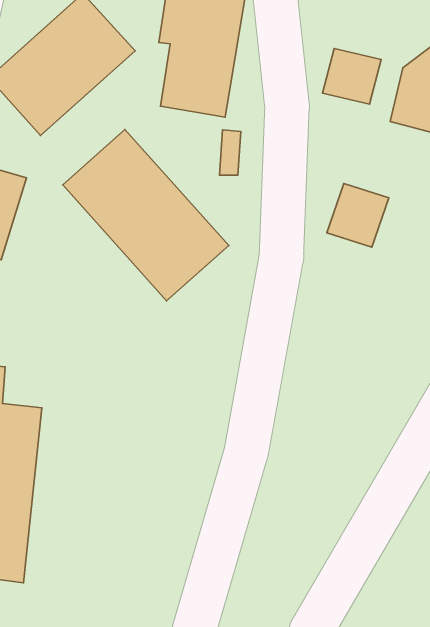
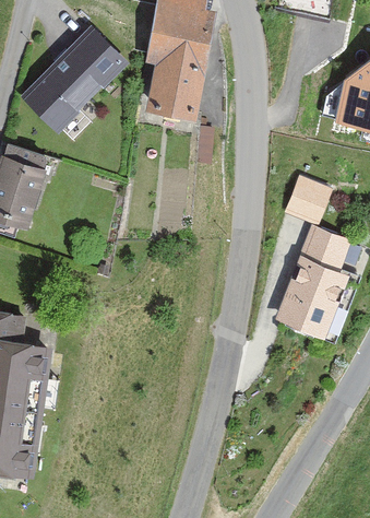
building: [323,48,381,104] -> none
building: [63,130,229,301] -> none
building: none -> [267,225,351,342]

